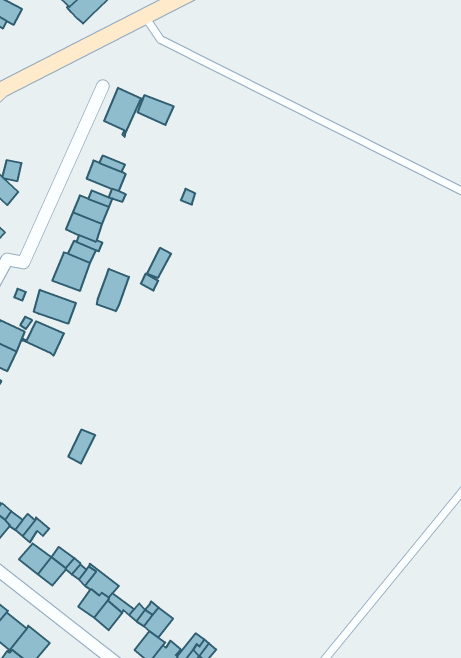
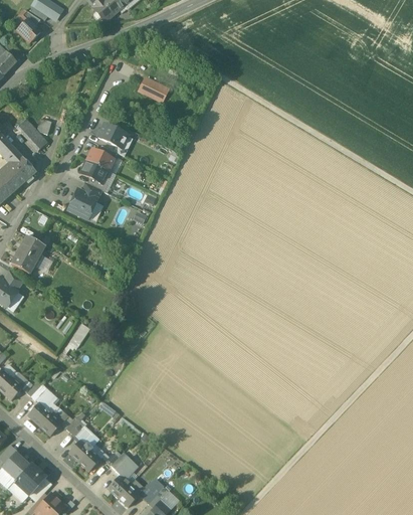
building: [104,88,142,137] -> none
building: [97,269,129,311] -> none
building: [34,290,76,324] -> none
building: [21,321,64,356] -> none

